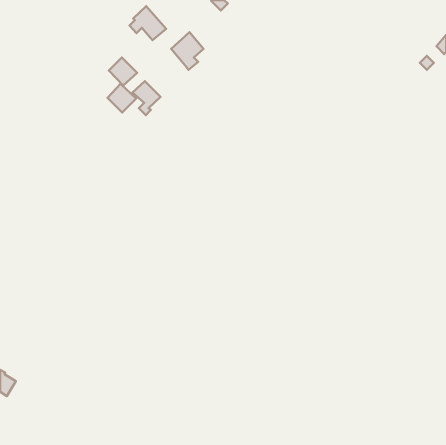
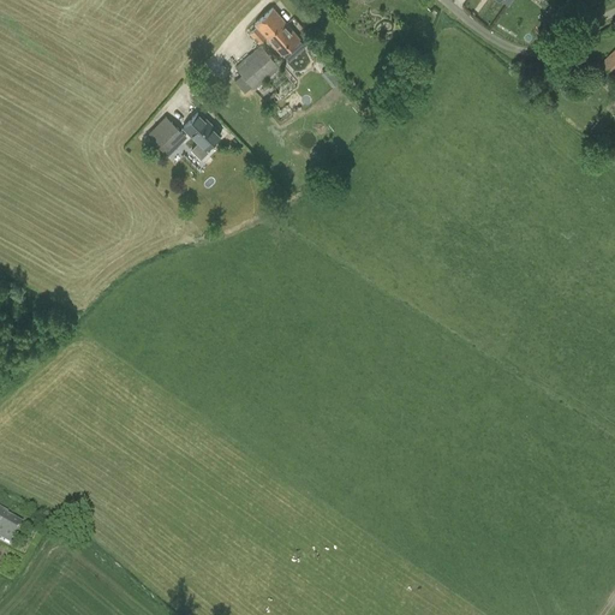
building: [130,6,166,40] -> [250,8,300,55]
building: [109,57,137,86] -> none

